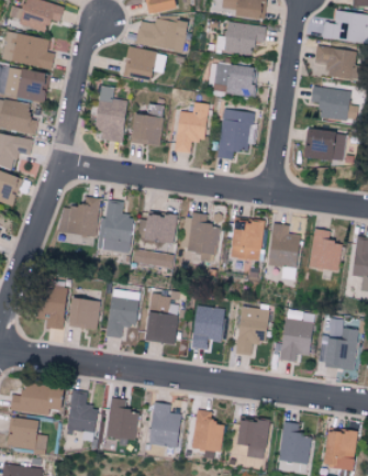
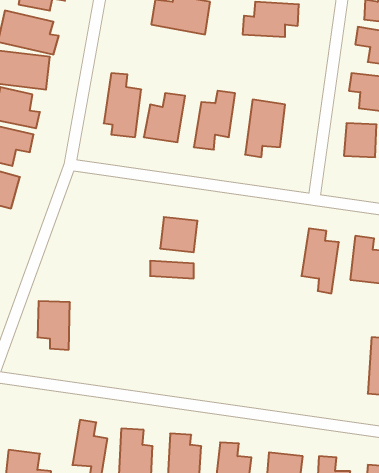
building: [124,46,168,77] -> none
building: [214,63,258,96] -> none
building: [59,197,101,236] -> none
building: [102,199,134,253] -> none
building: [183,213,220,261] -> none
building: [230,219,265,261] -> none
building: [108,288,141,337] -> none
building: [146,294,180,344] -> none
building: [67,297,100,329] -> none
building: [192,305,227,348] -> none
building: [237,307,269,355] -> none
building: [282,310,315,361] -> none
building: [10,383,62,416] -> none

